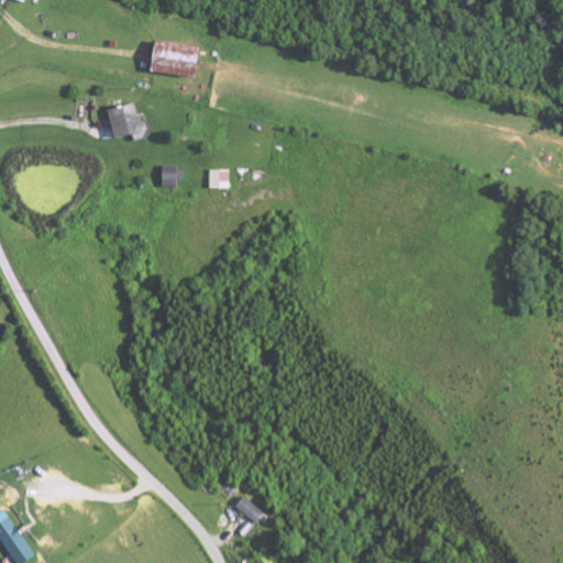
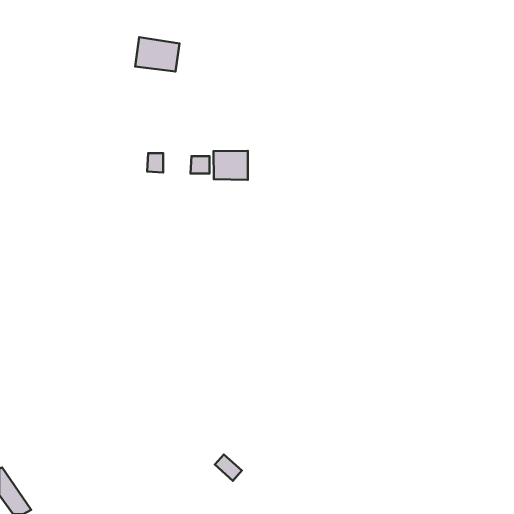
building: [104,102,140,139] -> none
building: none -> [214,151,248,180]

